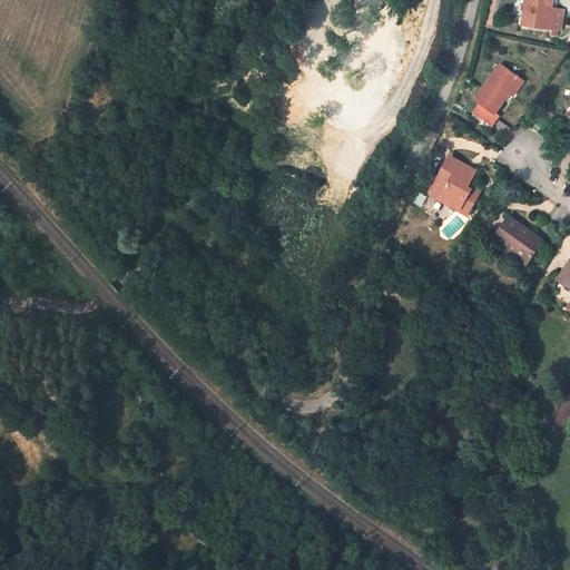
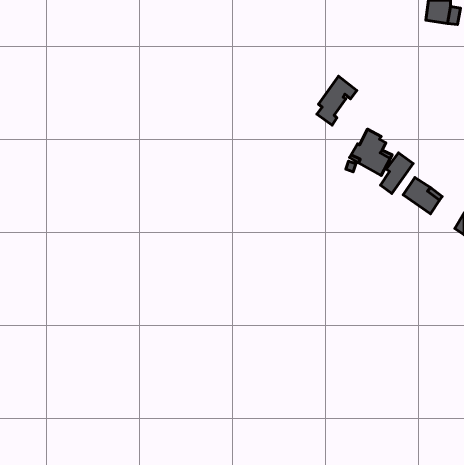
building: [473,65,522,125] -> [317,76,357,125]
building: none -> [381,153,413,194]

